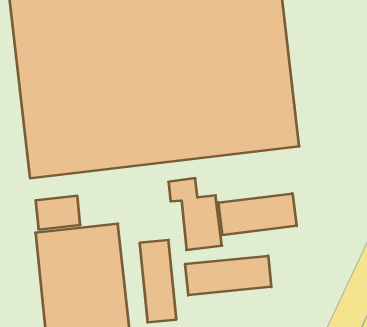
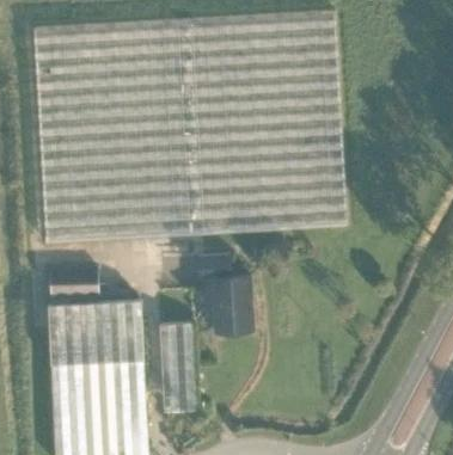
building: [218,193,297,235] -> none
building: [185,256,271,295] -> none

